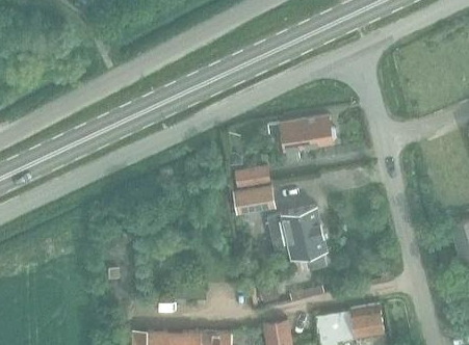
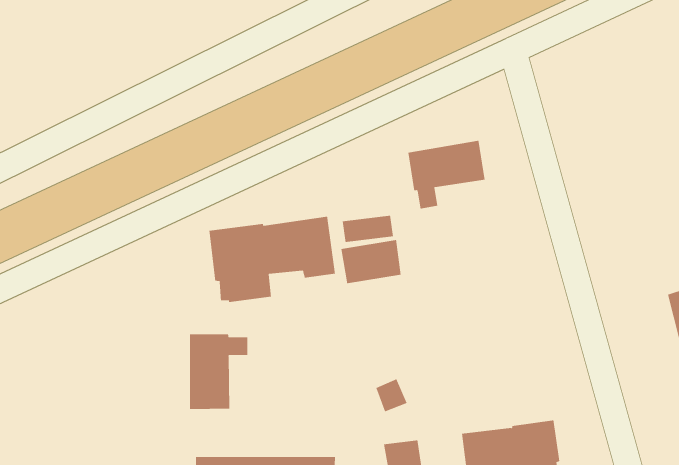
building: none -> [209,216,335,303]
building: [269,206,328,268] -> none
building: none -> [189,333,248,410]

